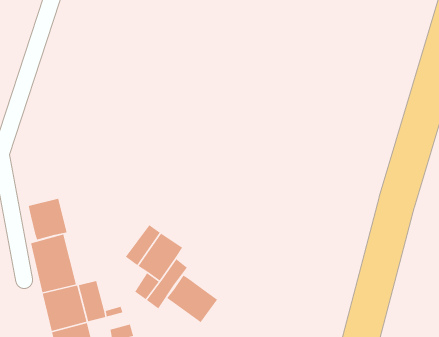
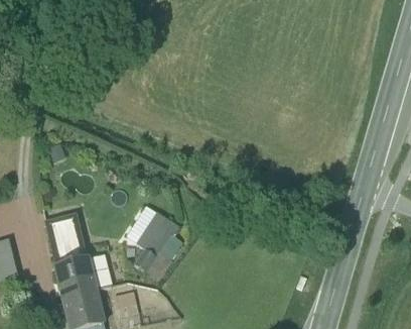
building: [28,198,68,240] -> none
building: [166,275,218,323] -> none

